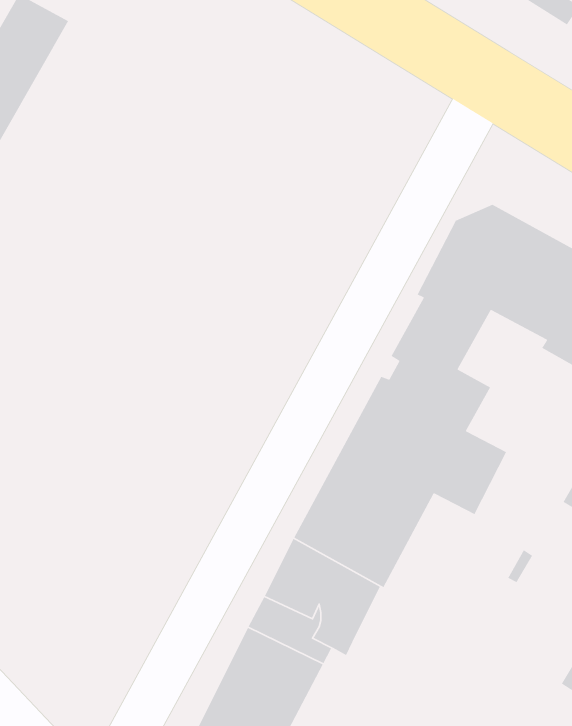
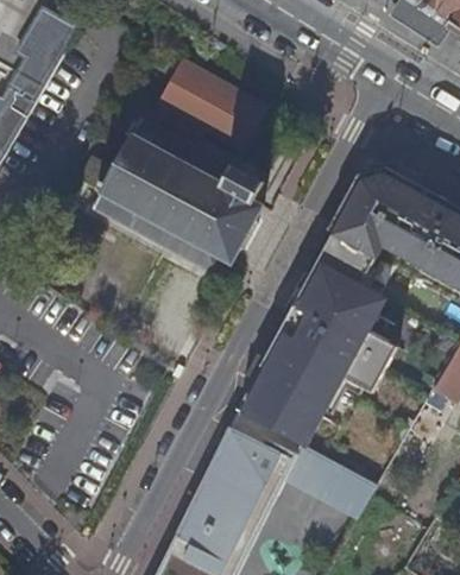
building: none -> [159,62,266,150]
building: none -> [94,118,264,272]
building: none -> [285,446,378,522]

